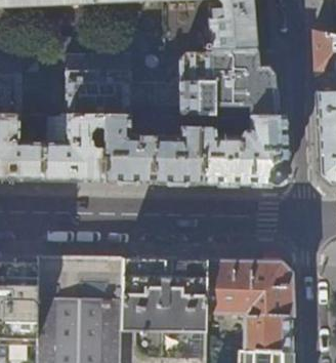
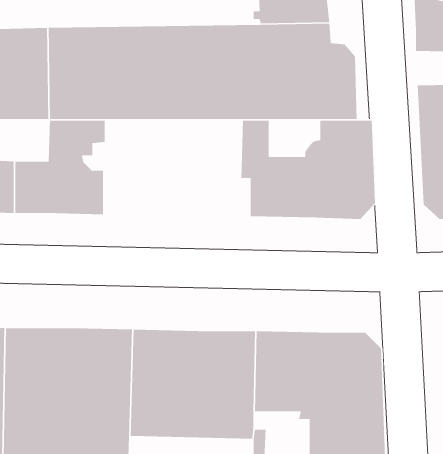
building: [104,116,203,182] -> none

